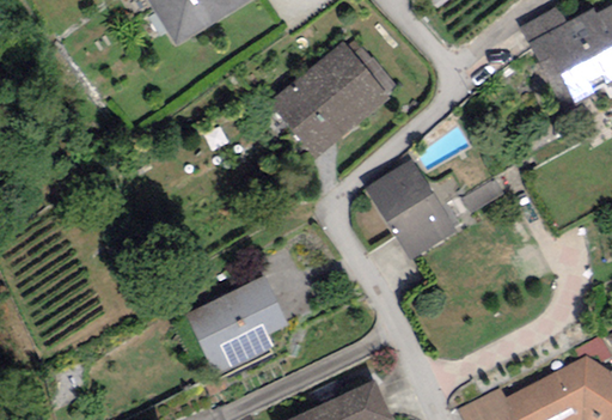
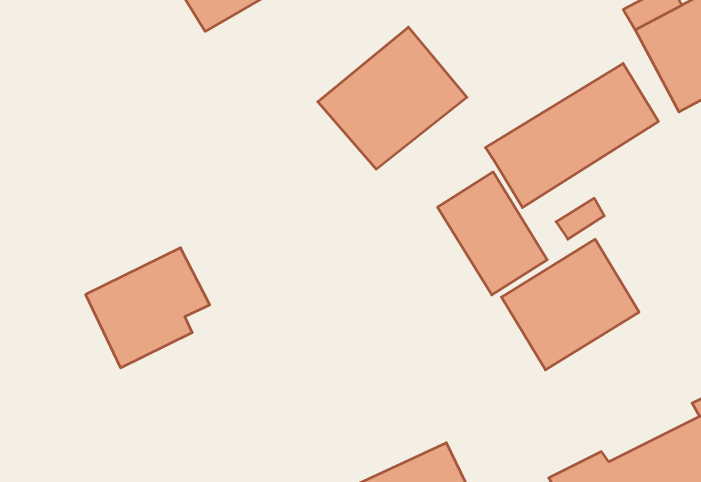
building: none -> [485,63,658,208]
building: none -> [501,239,639,370]
building: [185,278,287,376] -> [86,248,210,368]

